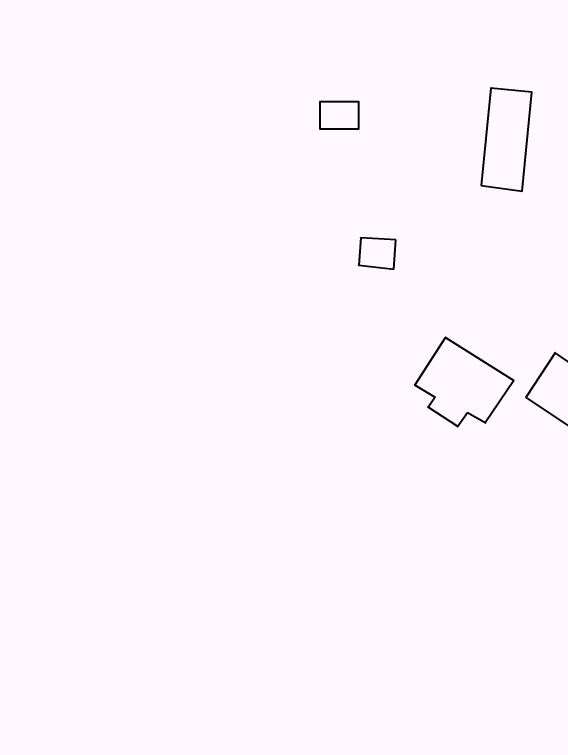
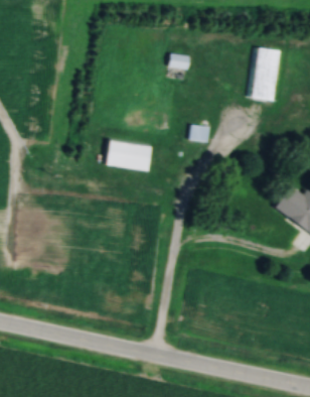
building: none -> [105,139,151,171]
building: [415,337,514,427] -> none

